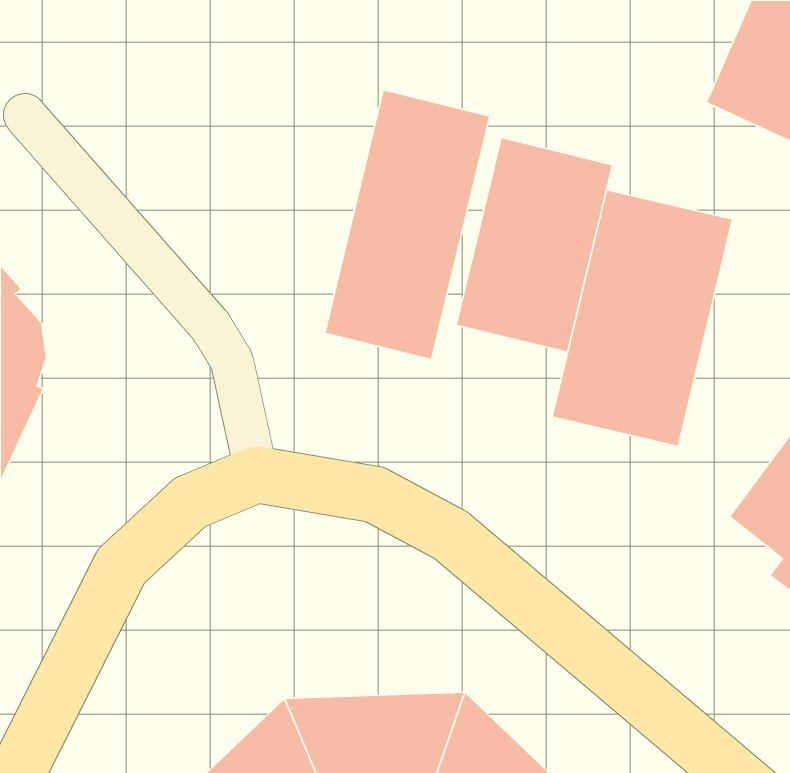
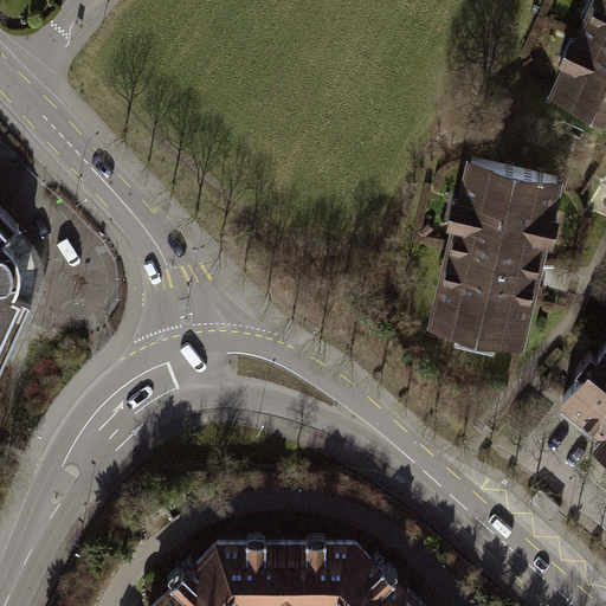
building: [325,90,490,359] -> none
building: [456,138,612,352] -> none

